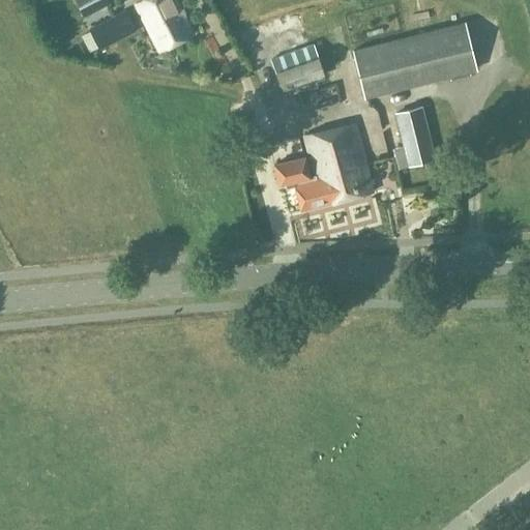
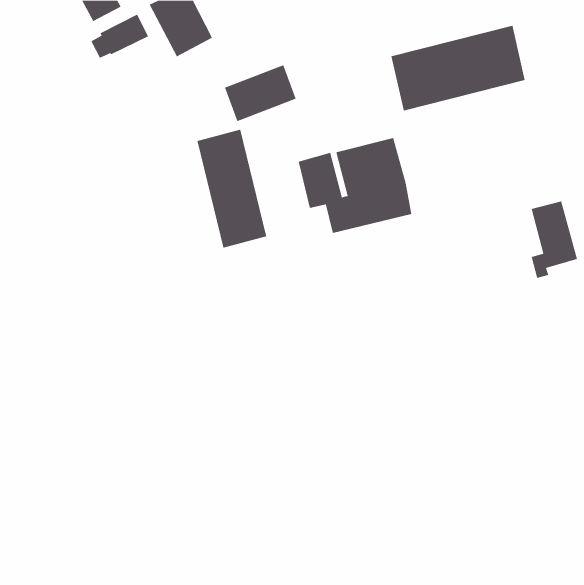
building: [270,39,335,91] -> [224,64,296,122]
building: [393,108,436,178] -> [531,201,578,279]
building: none -> [197,129,267,249]

